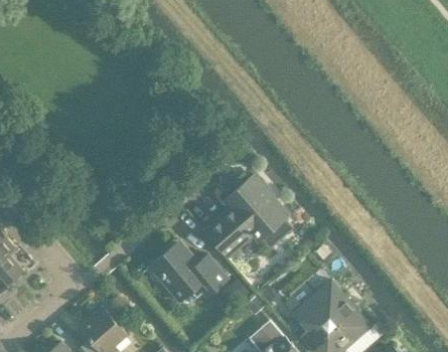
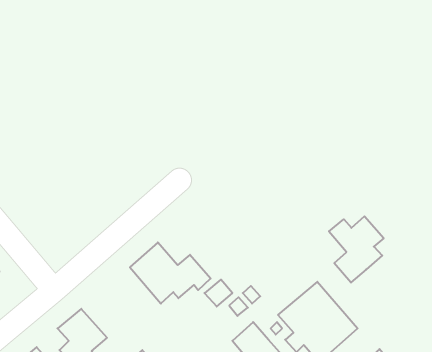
building: [205,174,285,254] -> none
building: none -> [329,216,384,283]

